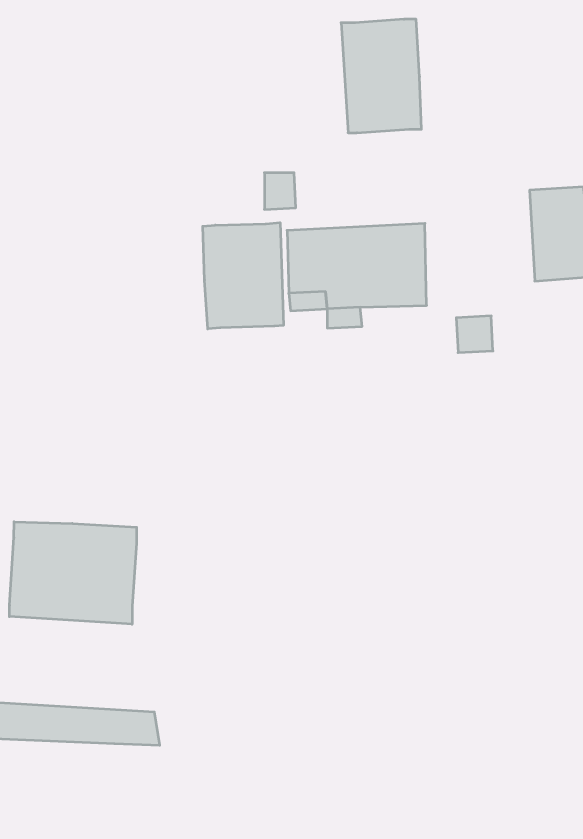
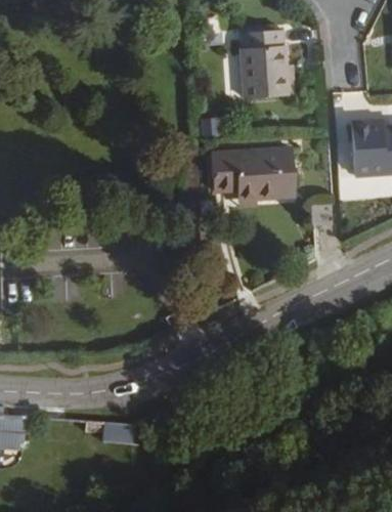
building: [203,223,283,329] -> none
building: [9,522,137,624] -> none

